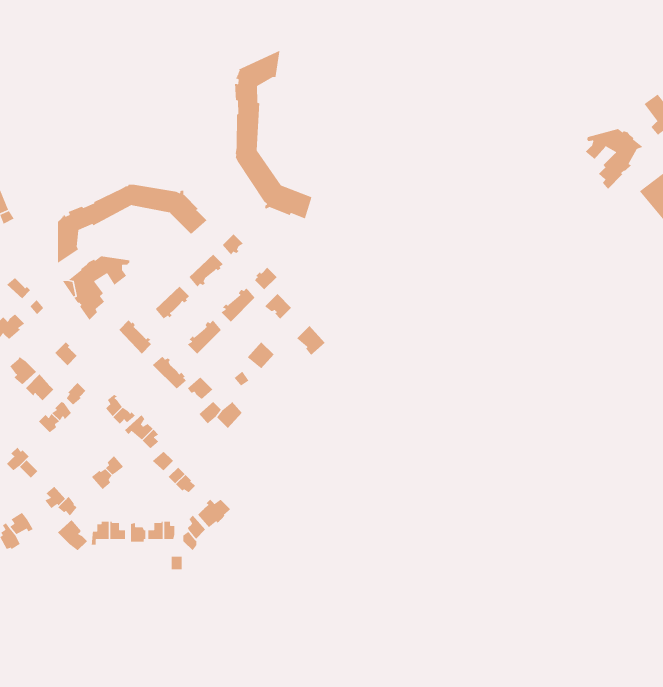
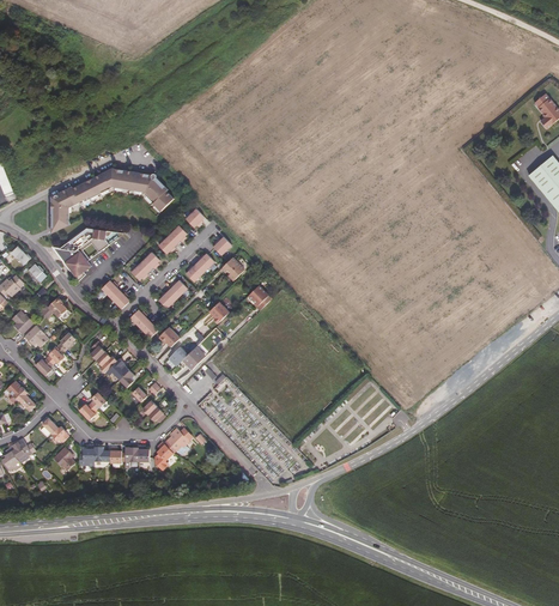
building: [234,49,313,220] -> none
building: [585,128,644,190] -> none

